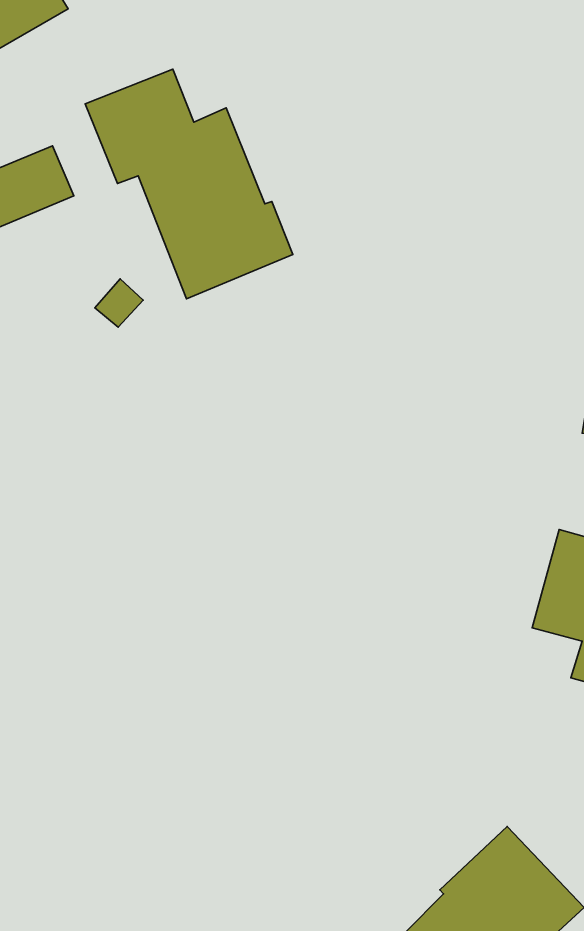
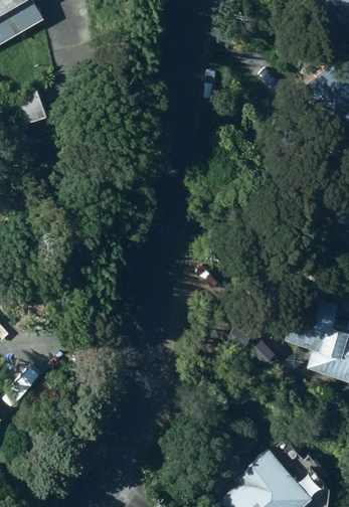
building: [85,69,293,299] -> none

